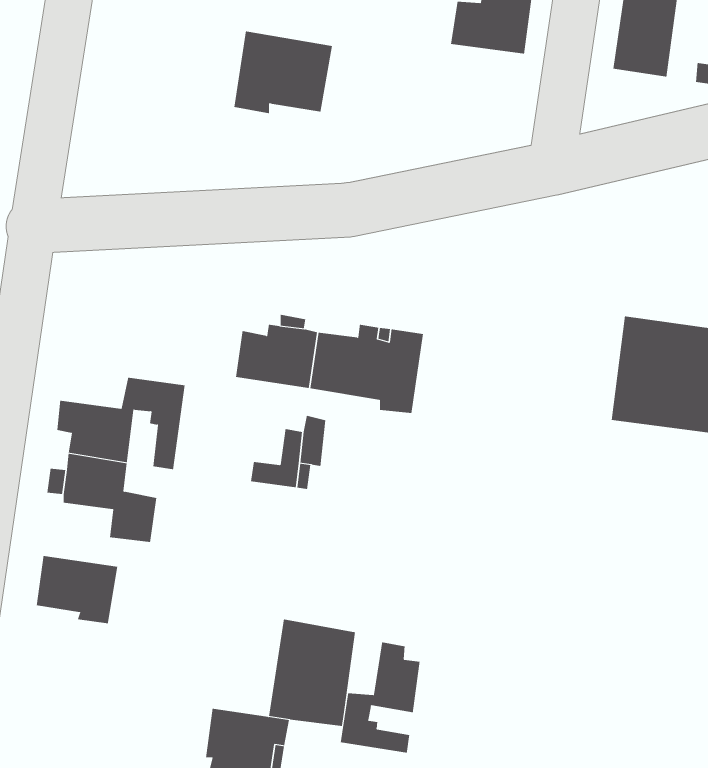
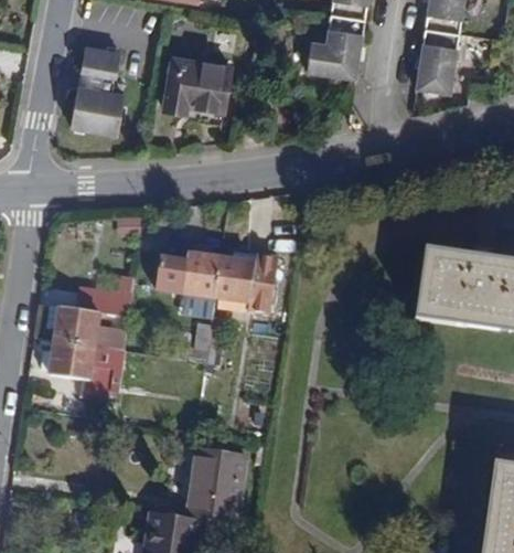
building: none -> [74,49,127,136]
building: [36,555,118,624] -> none
building: [340,641,420,753] -> none

